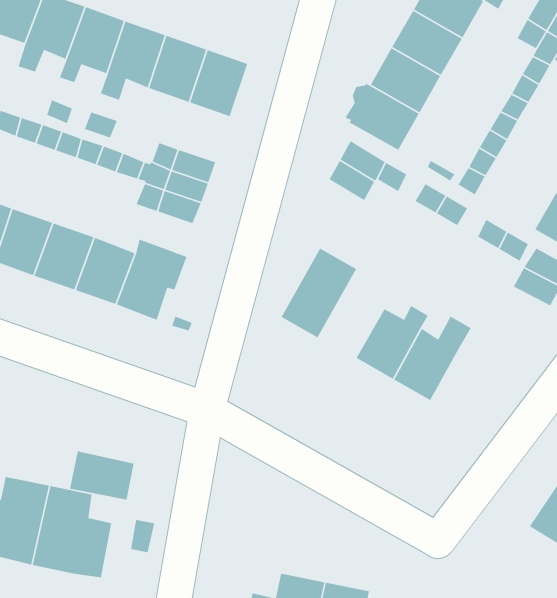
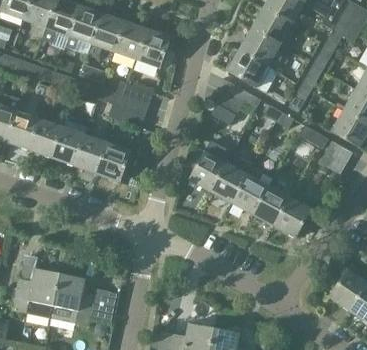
building: none -> [210,153,253,203]
building: none -> [273,198,310,238]
building: [69,451,134,500] -> none

